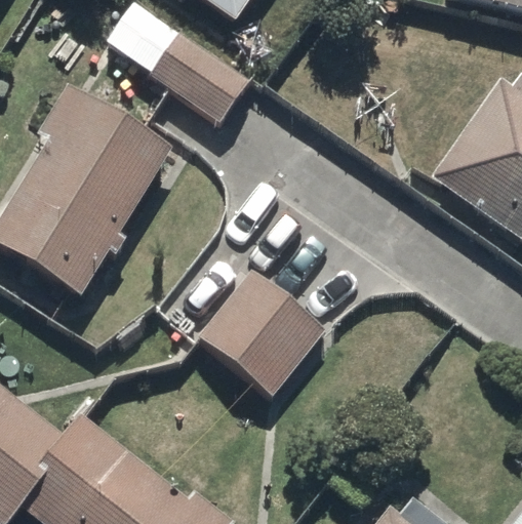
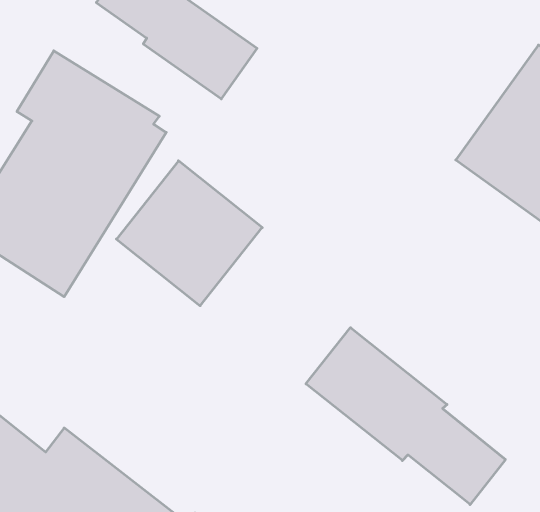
building: [197,267,327,396] -> [116,161,262,306]
building: none -> [306,328,505,505]

